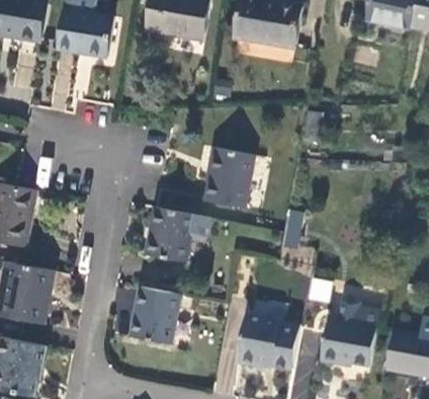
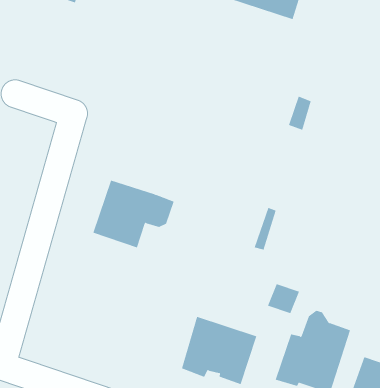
building: [204,147,253,210] -> none
building: [131,286,180,343] -> none

